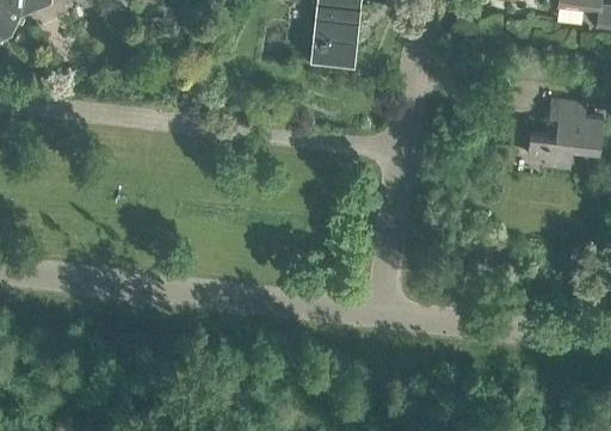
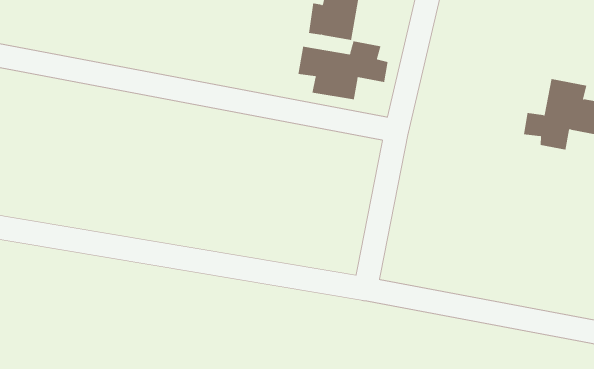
building: none -> [298,41,388,100]

